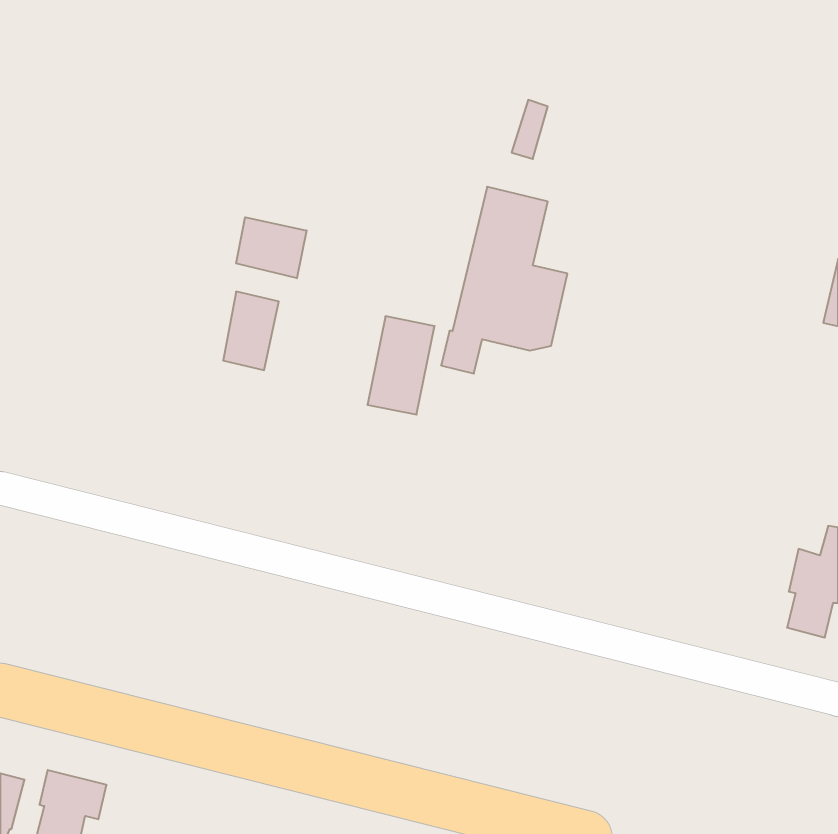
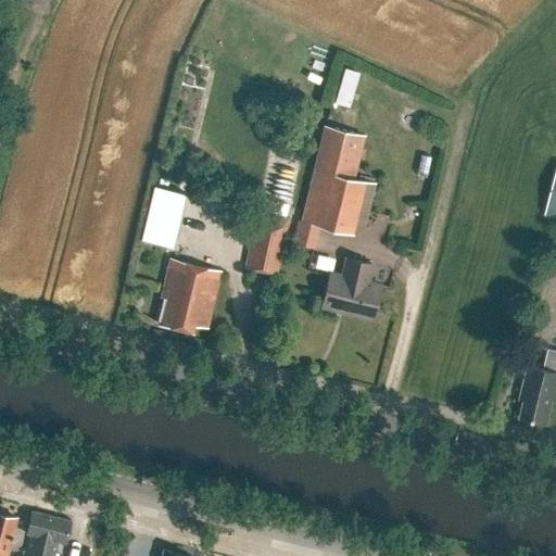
building: [236,217,307,278] -> none
building: none -> [321,257,380,320]
building: none -> [156,260,220,333]

